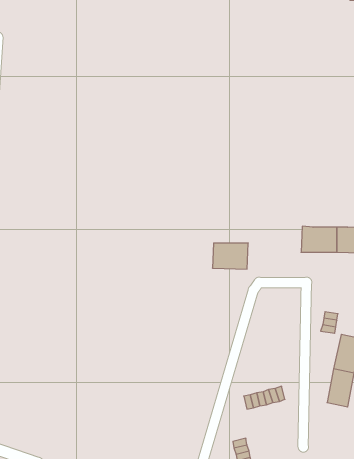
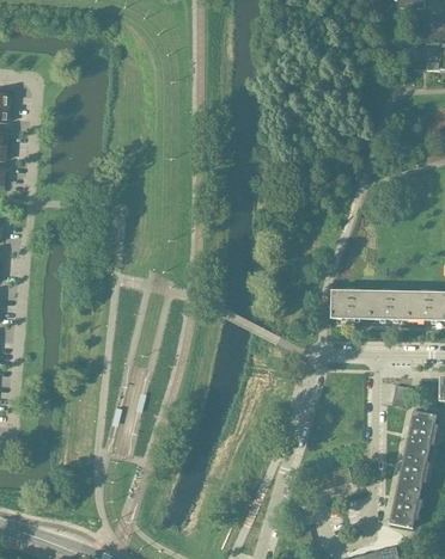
building: [212,243,248,269] -> [331,290,371,319]
building: none -> [390,485,421,528]

